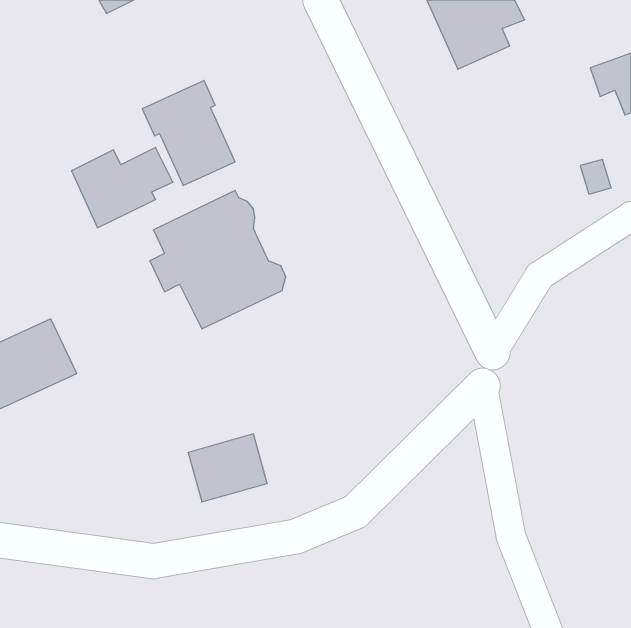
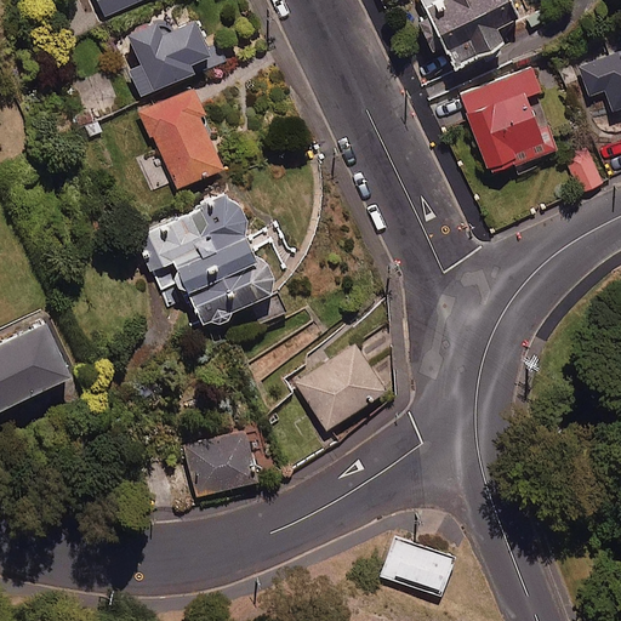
building: none -> [457,70,556,180]
building: [71,147,173,228] -> [118,15,217,93]
building: none -> [296,342,388,429]
building: none -> [381,536,457,597]

